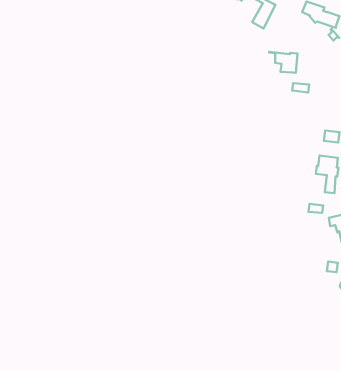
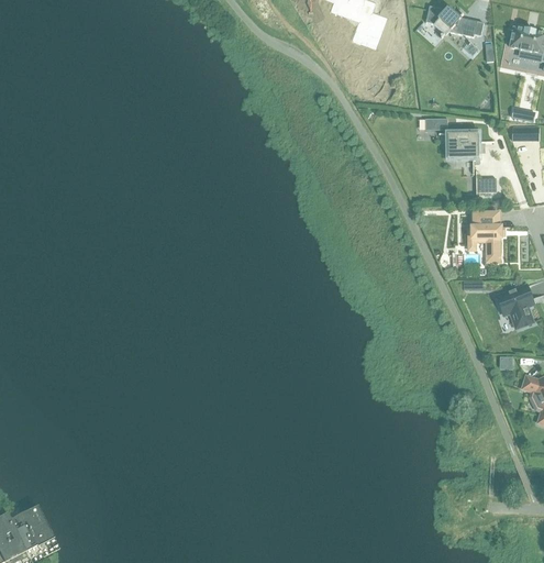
building: [269,52,297,73] -> [437,132,477,159]

